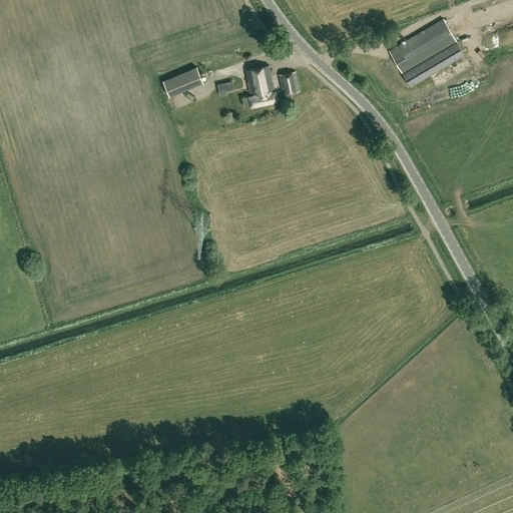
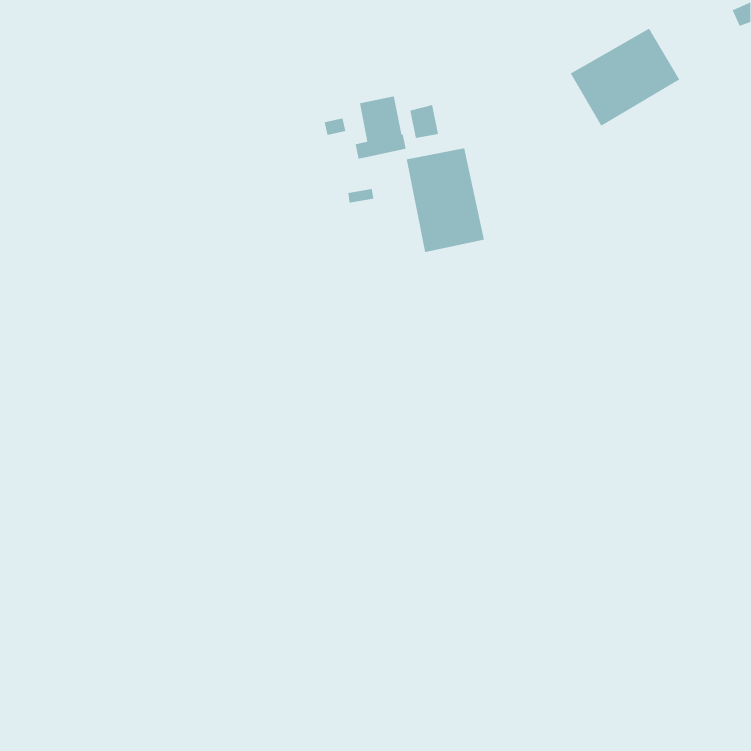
building: [165,66,204,93] -> none
building: none -> [406,147,484,253]

